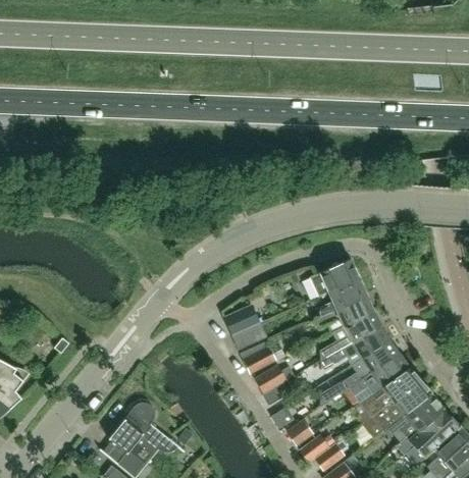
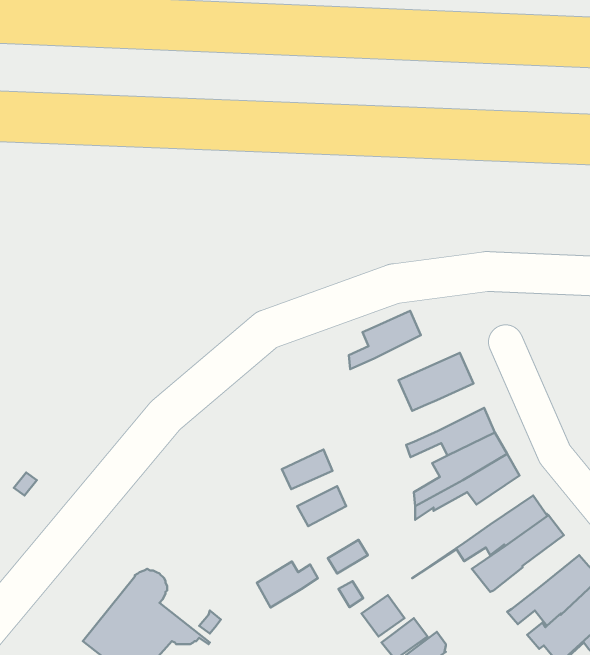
building: [319,278,367,317] -> [349,311,421,369]
building: [225,308,260,335] -> none
building: [319,339,400,408] -> none
building: [254,364,295,394] -> [257,561,318,607]
building: [371,379,430,430] -> none

